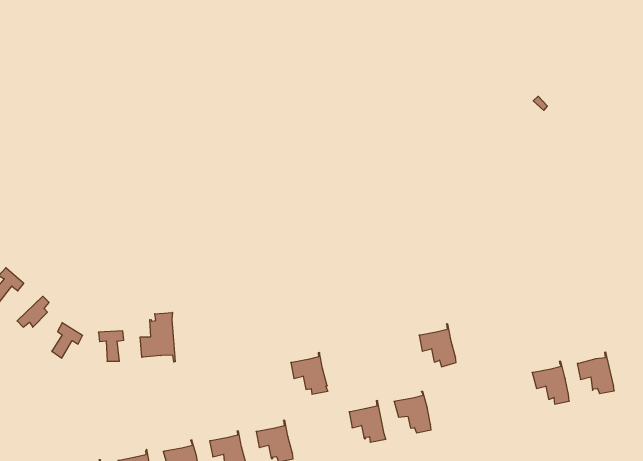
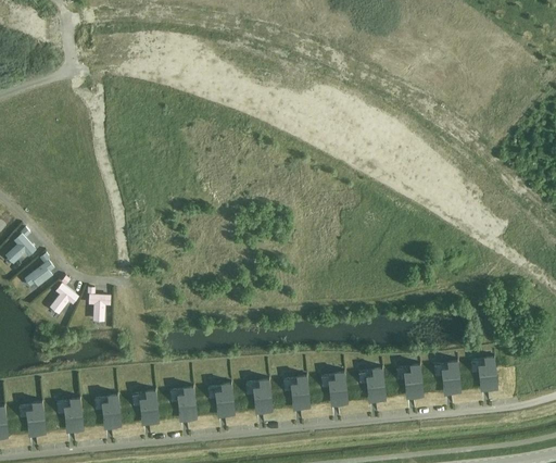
building: [140,312,175,362] -> none
building: [419,324,456,367] -> [358,365,386,399]
building: [291,353,328,394] -> [245,377,273,410]
building: none -> [396,362,424,395]

